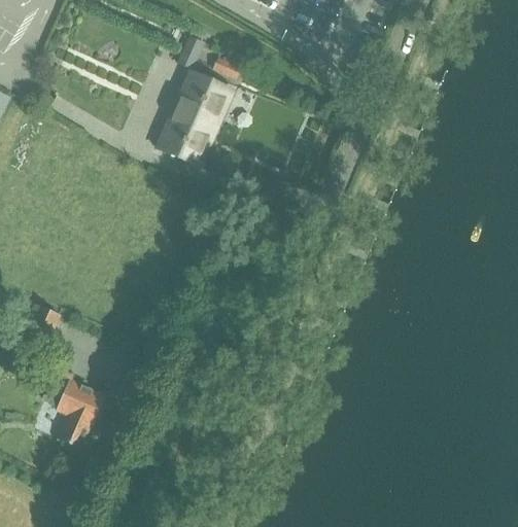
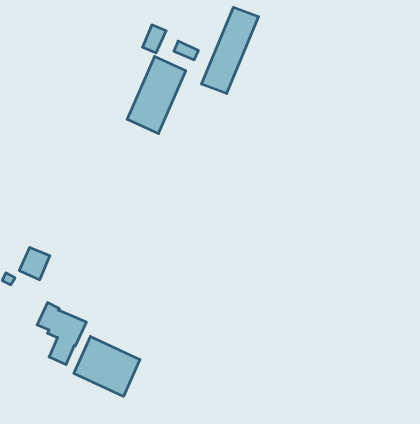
building: none -> [202,7,259,94]
building: none -> [74,336,140,396]

